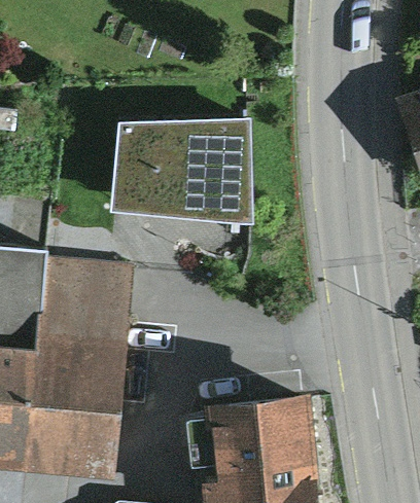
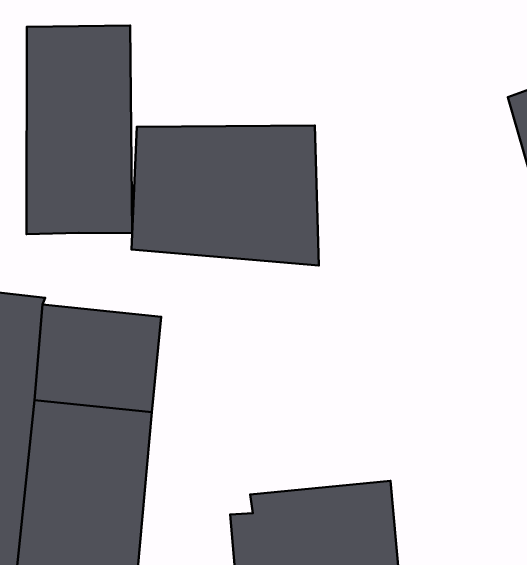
building: none -> [26,26,132,234]

